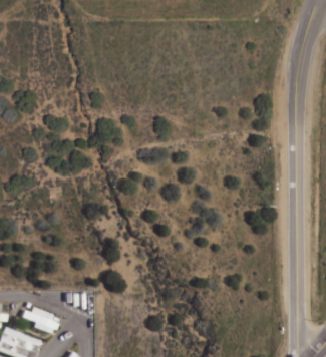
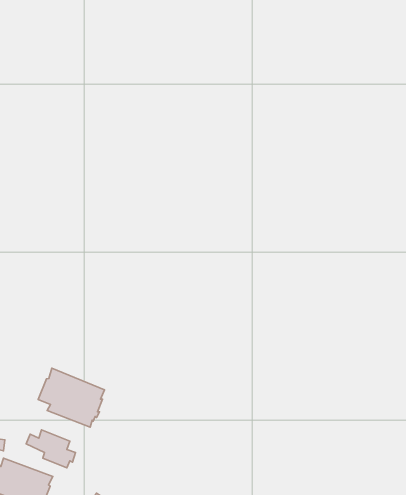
building: none -> [38,368,105,427]

